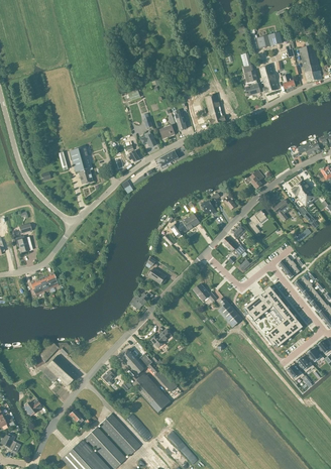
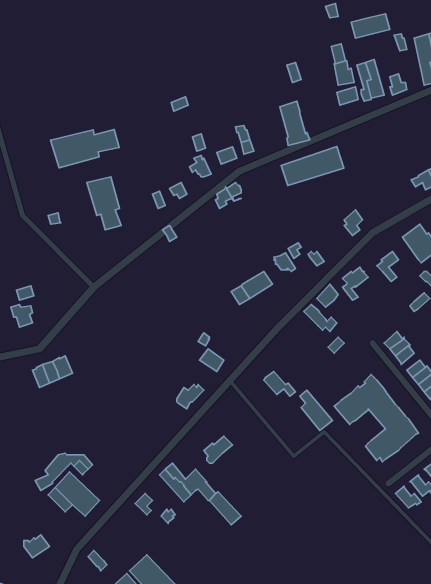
building: none -> [50,129,119,168]
building: none -> [281,146,344,185]
building: [133,373,172,413] -> none

